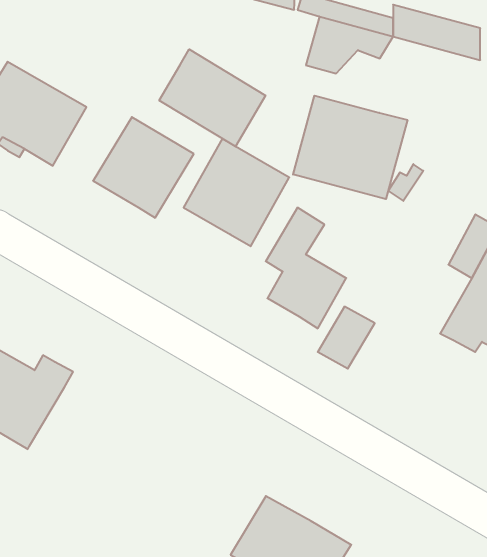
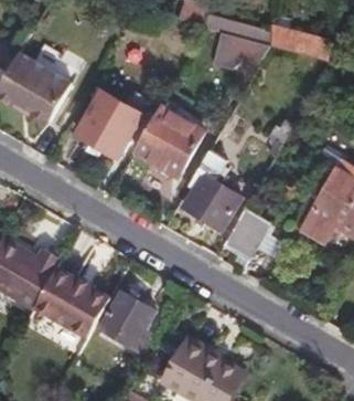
building: [159,49,265,147] -> none
building: [293,96,407,199] -> none
building: none -> [31,268,108,339]
building: none -> [98,289,154,350]

